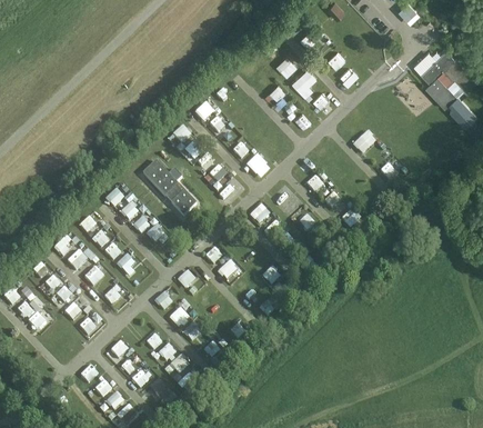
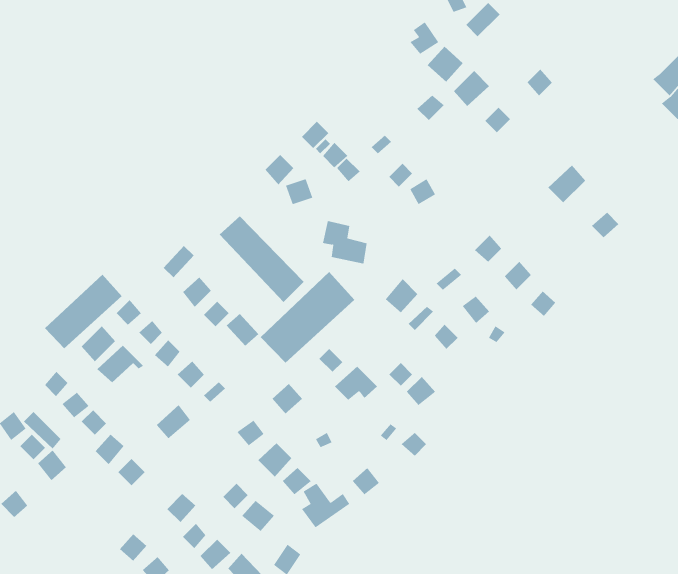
building: none -> [260,271,355,363]
building: none -> [44,274,122,349]

